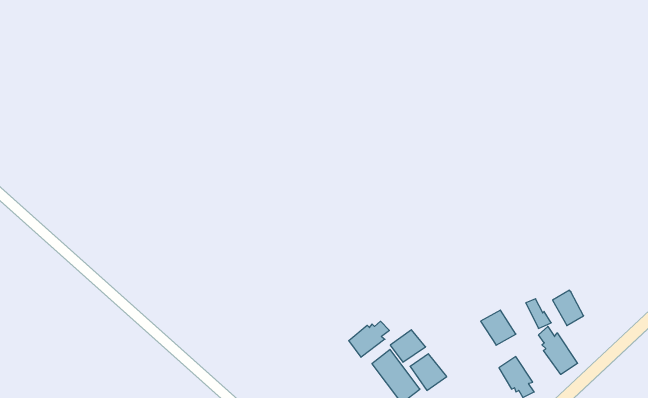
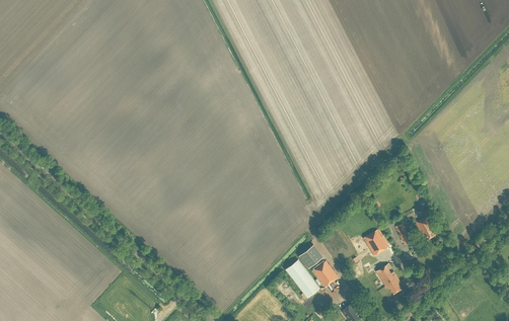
building: [349,321,389,357] -> none
building: [539,326,578,374] -> none

